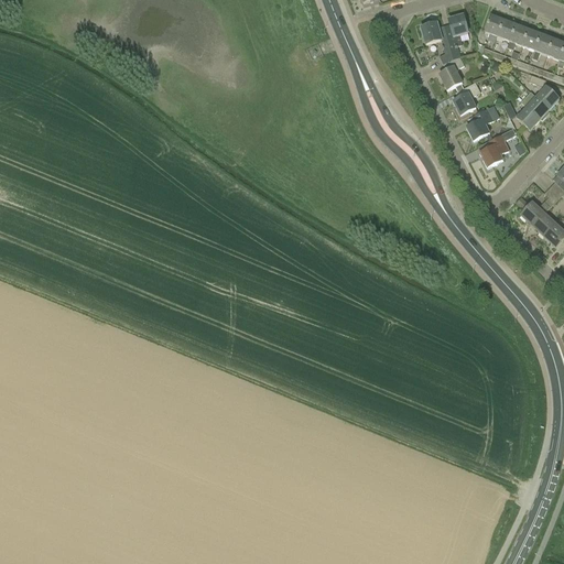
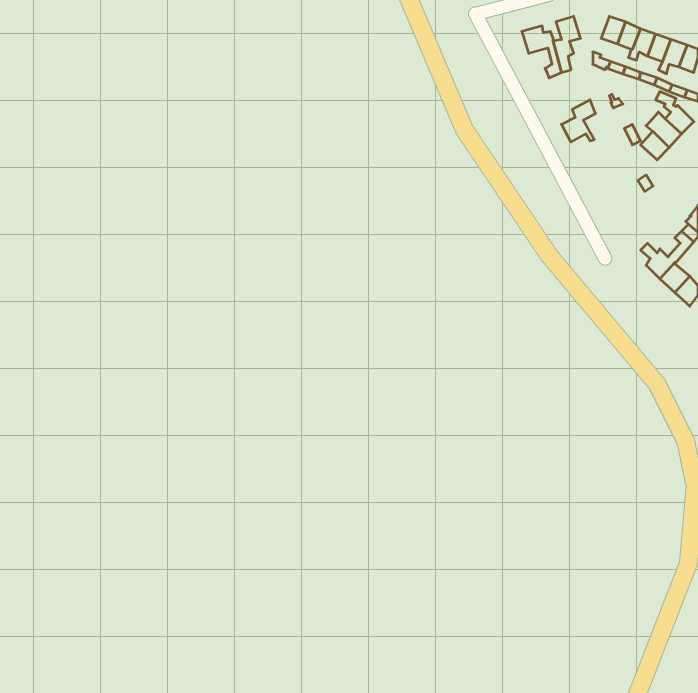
building: [440,56,465,89] -> none
building: [466,105,500,140] -> none
building: [479,128,517,166] -> none

